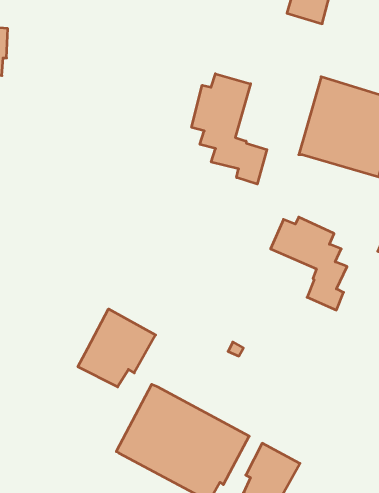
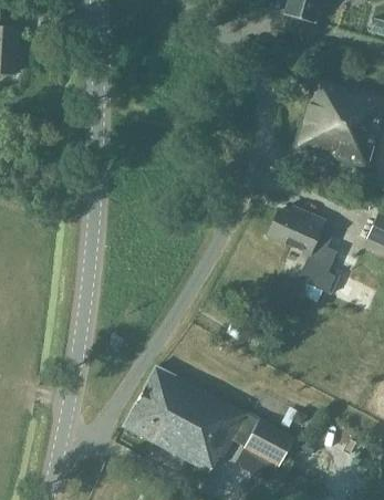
building: [192,74,267,184] -> none
building: [78,309,156,387] -> none

